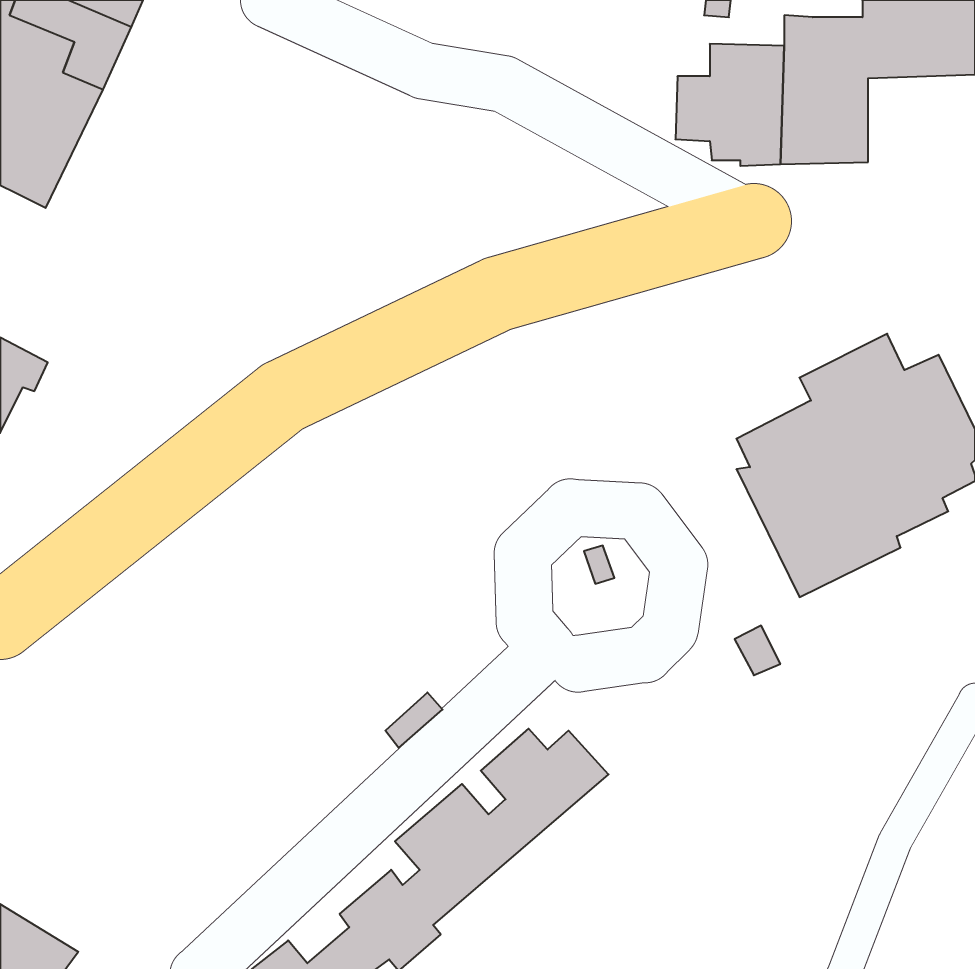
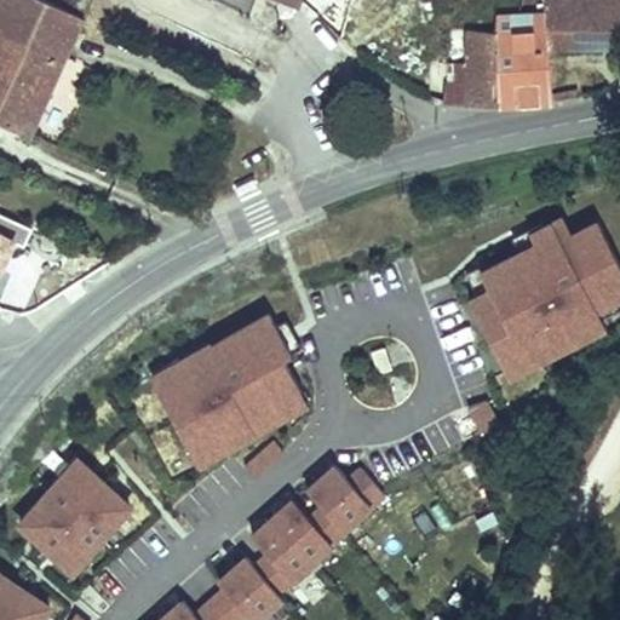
building: none -> [150,321,306,467]
building: none -> [21,461,130,572]

